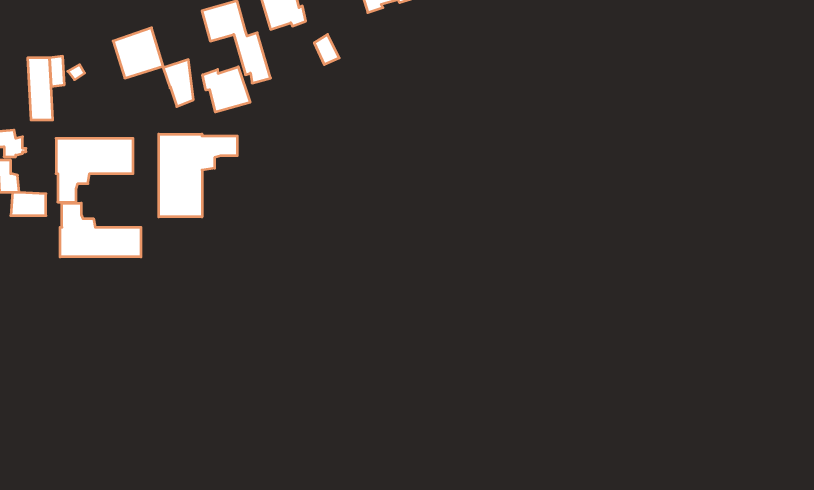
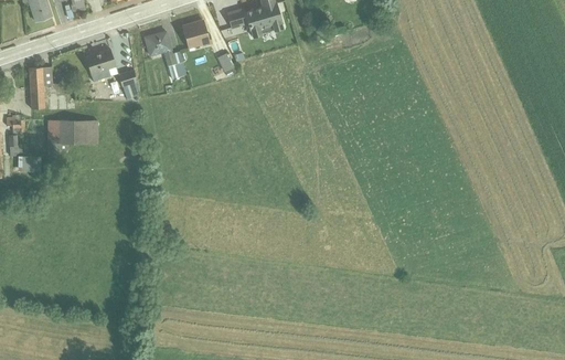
building: [203,67,250,112] -> none
building: [159,134,237,217] -> none
building: [60,203,141,257] -> none

